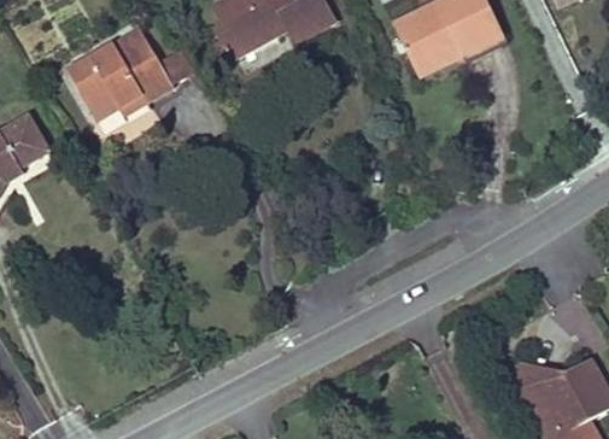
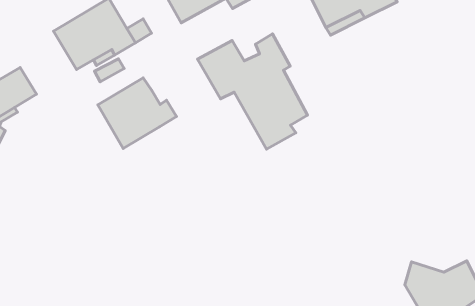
building: none -> [198,34,308,149]
building: none -> [98,78,176,148]

